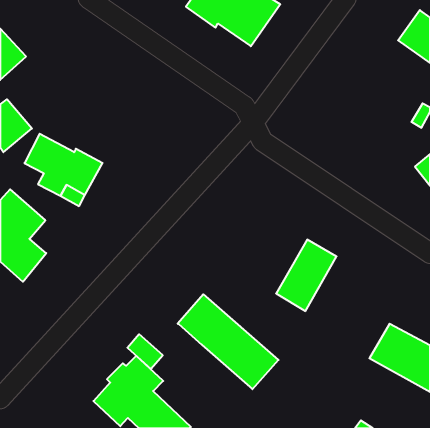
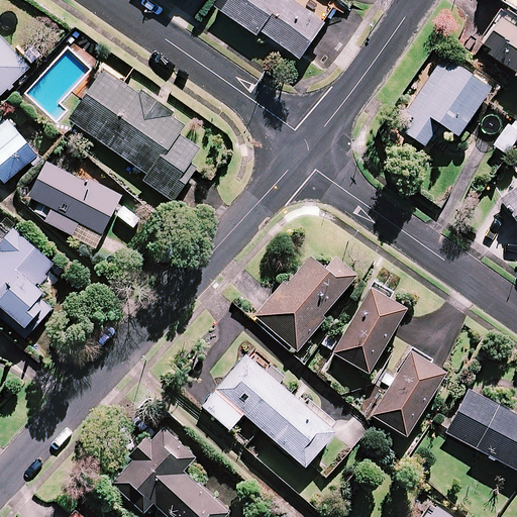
building: none -> [395,60,488,147]
building: none -> [69,68,201,201]
building: none -> [253,255,354,350]
building: none -> [369,351,444,437]
building: [127,334,163,369] -> [200,389,242,430]

